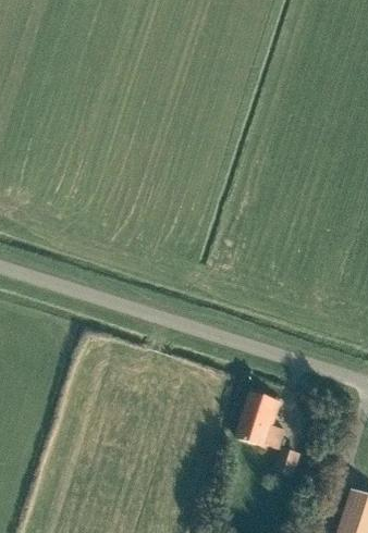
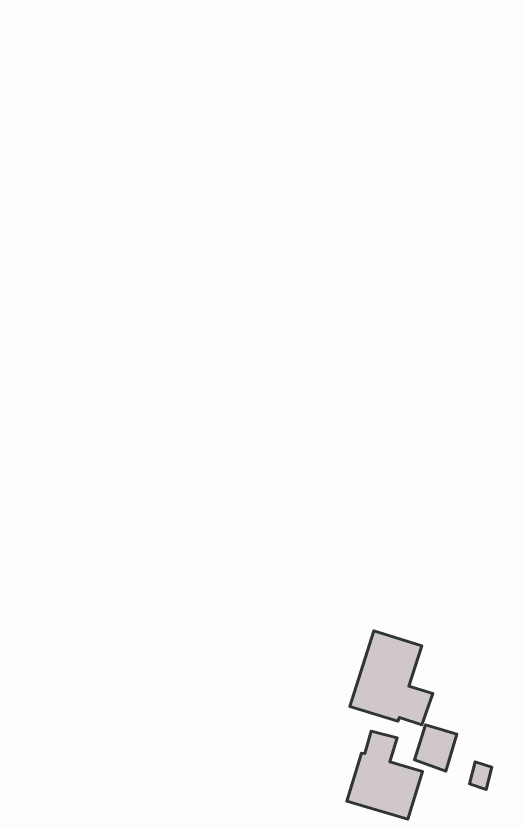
building: none -> [347,731,423,819]

